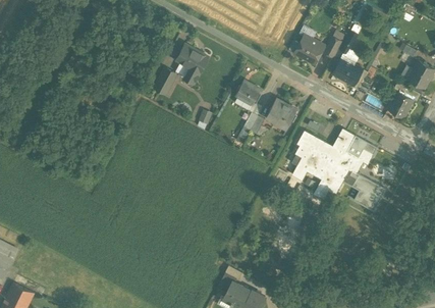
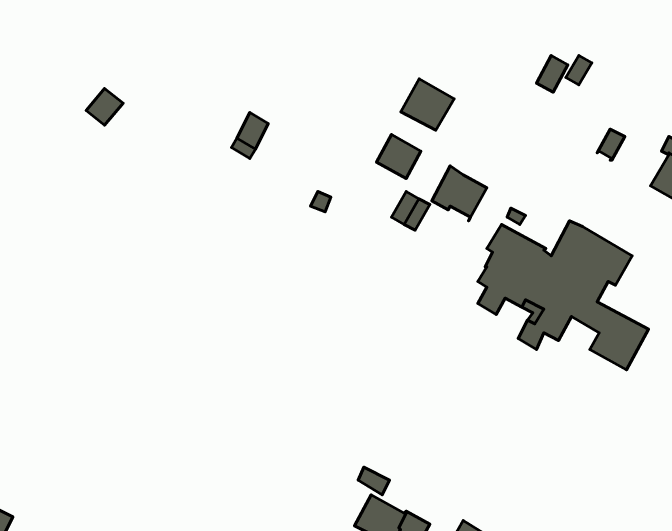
building: [294,35,324,63] -> [401,79,454,130]
building: [176,44,208,82] -> none
building: [333,57,362,85] -> none

